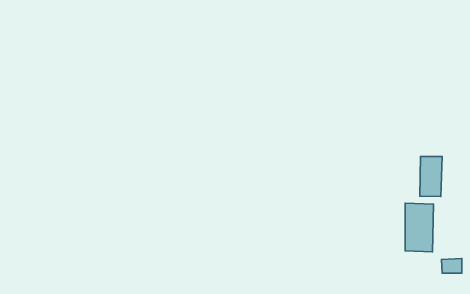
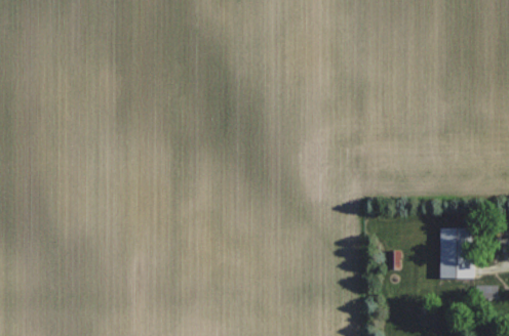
building: [420,156,442,196] -> none

